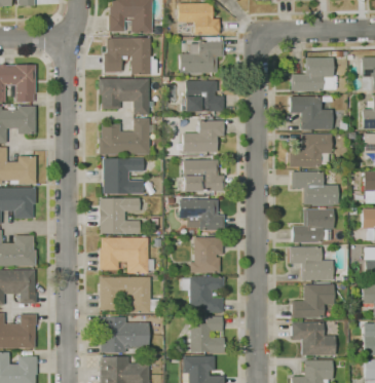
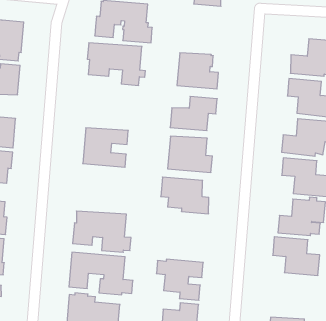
building: [180,37,223,73] -> none
building: [99,118,155,154] -> none
building: [100,198,140,233] -> none
building: [190,237,223,273] -> none
building: [291,284,334,318] -> none

